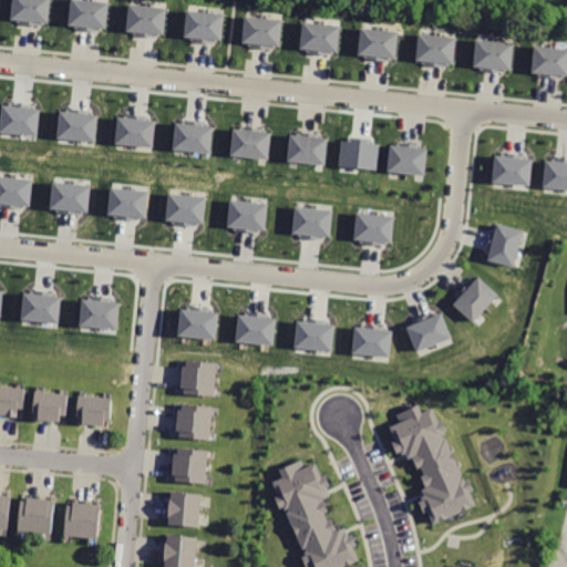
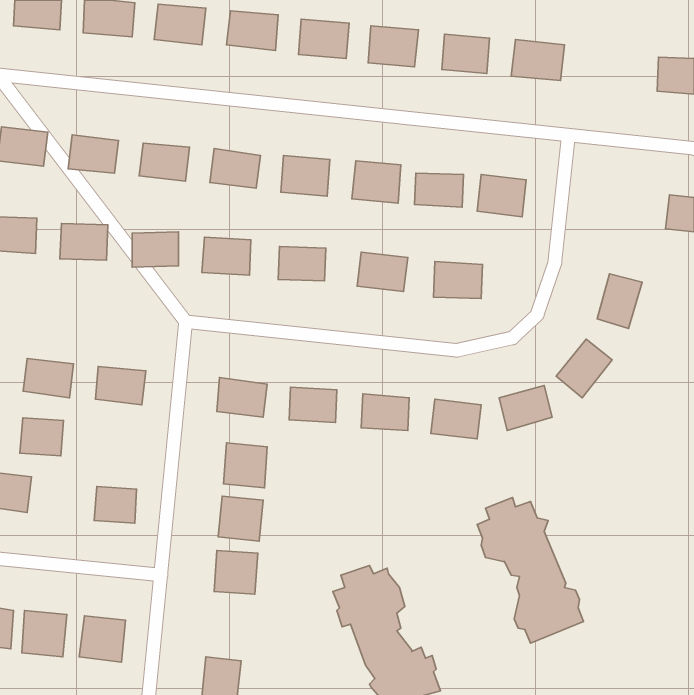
building: [474,39,513,71] -> none
building: [489,156,530,186] -> none
building: [32,391,68,422] -> [20,418,64,456]
building: [167,493,202,526] -> none

